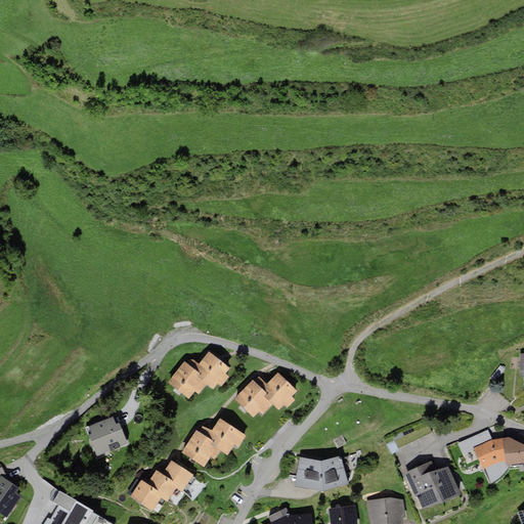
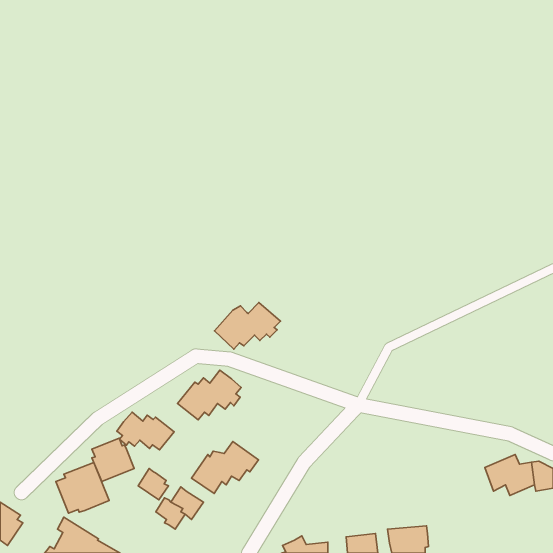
building: [234,373,297,417] -> [214,303,281,349]
building: none -> [117,412,174,450]
building: none -> [56,462,109,513]
building: [294,455,347,489] -> none
building: [403,461,460,509] -> none
building: [131,480,160,510] -> [138,469,168,500]

